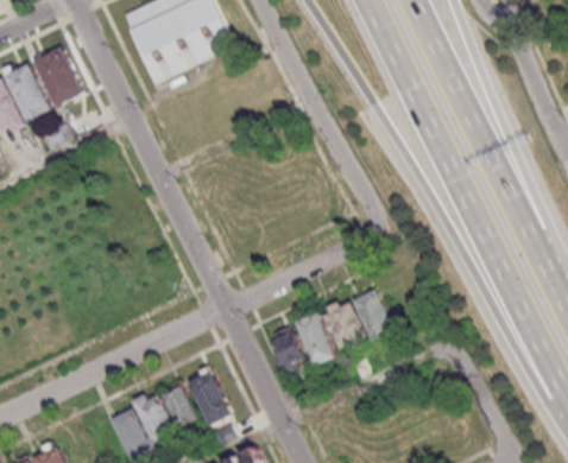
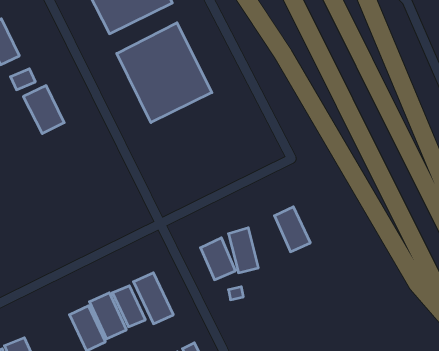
building: [32,49,81,106] -> [23,86,64,134]
building: none -> [117,23,212,123]
building: [322,299,366,353] -> none

